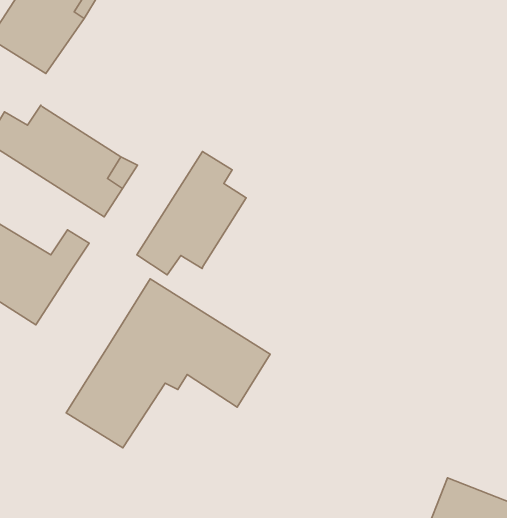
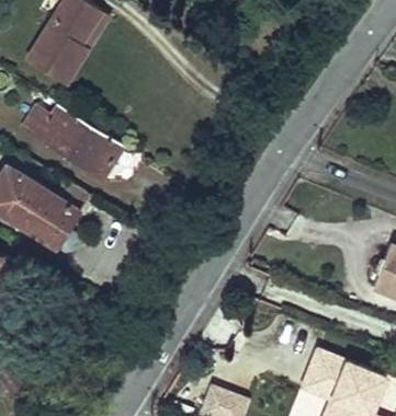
building: [137,152,246,275] -> none
building: [66,279,270,448] -> none

